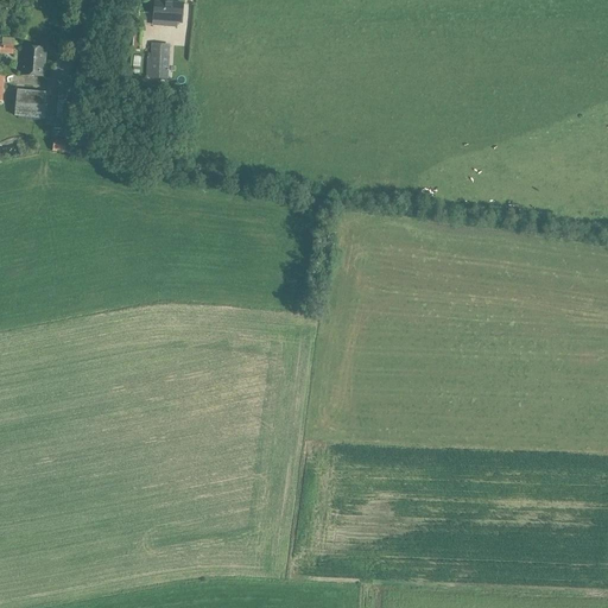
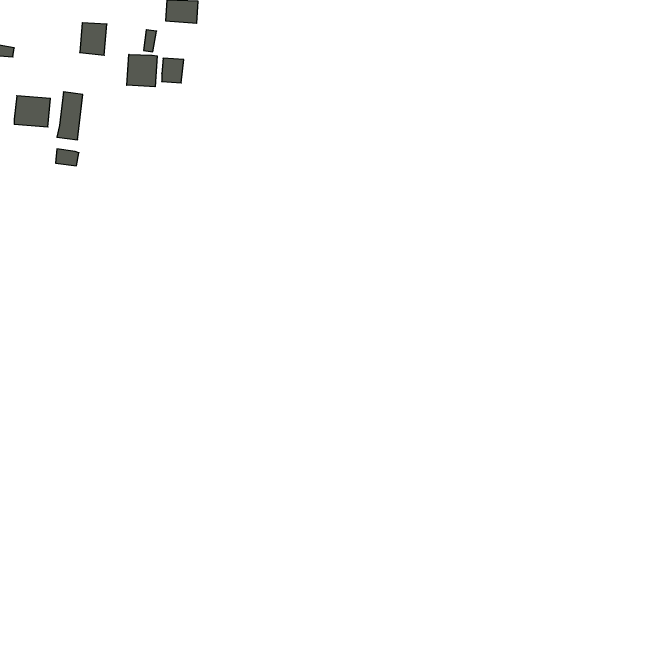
building: [20,45,45,75] -> [80,23,107,55]
building: none -> [127,54,157,87]

